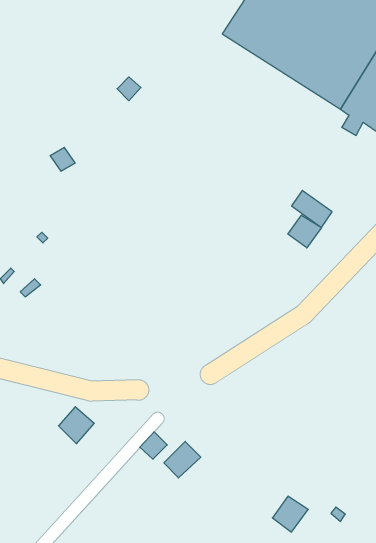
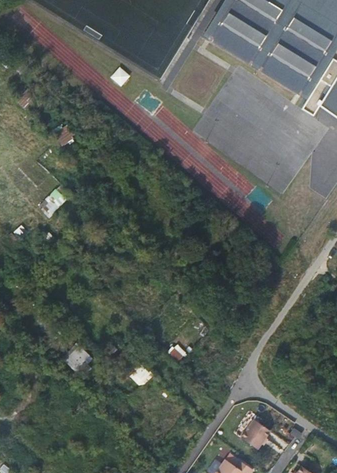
building: [288,215,321,248] -> none
building: [164,441,201,478] -> none

